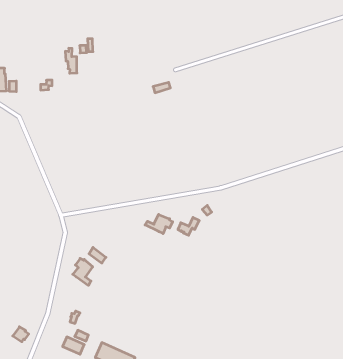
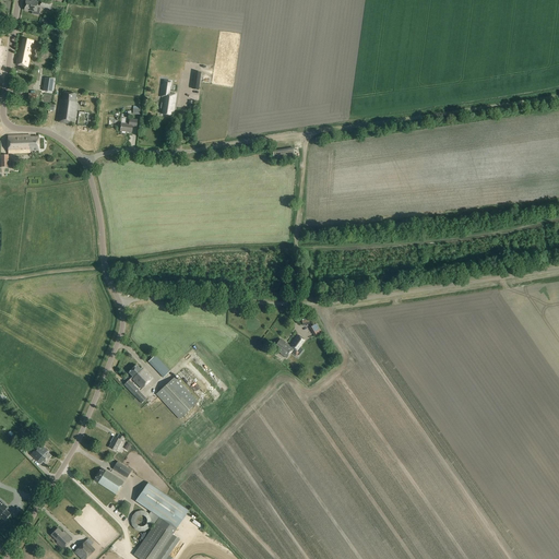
building: [145,214,173,234] -> none
building: none -> [156,376,199,419]

